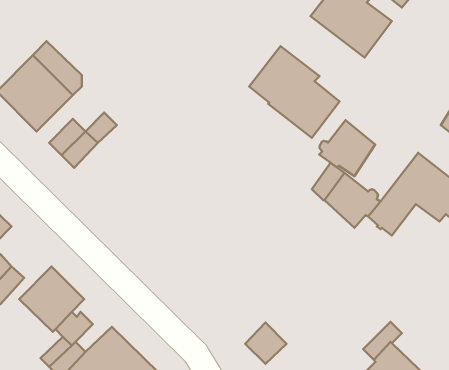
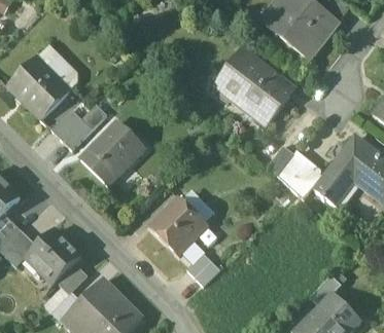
building: [319,120,375,176] -> none
building: none -> [81,120,145,184]
building: none -> [149,195,208,254]
building: [245,323,287,364] -> [187,251,221,285]

